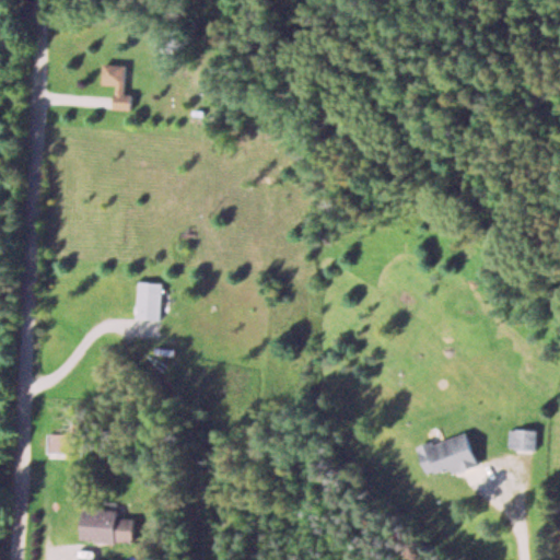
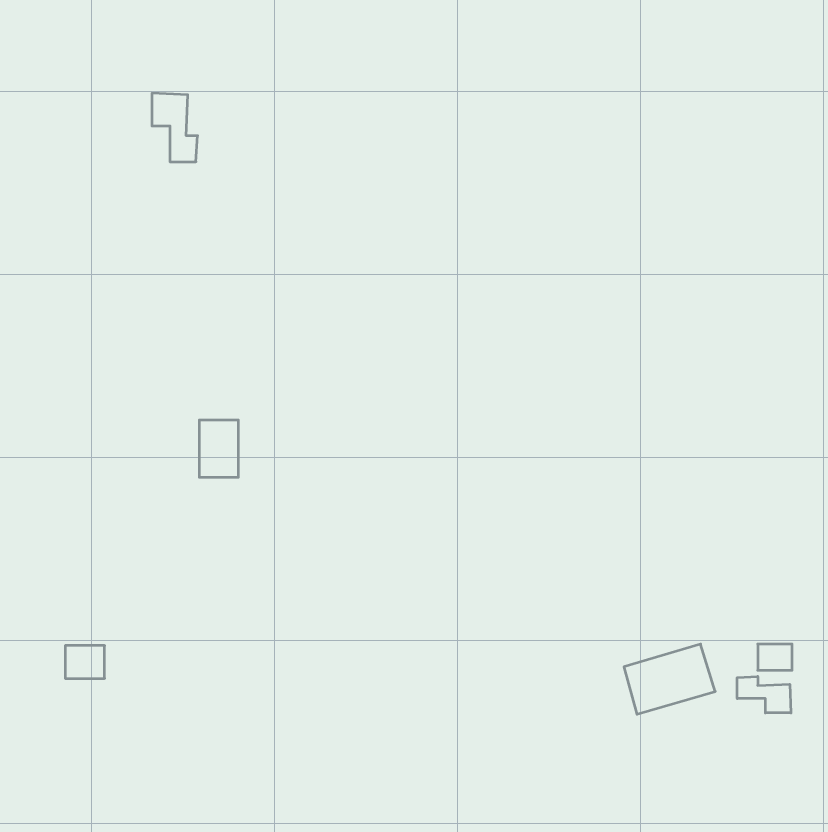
building: none -> [737,676,791,713]
building: [80,511,133,541] -> none

